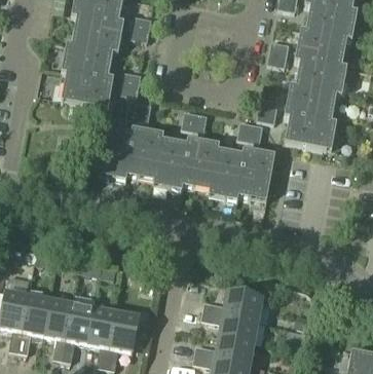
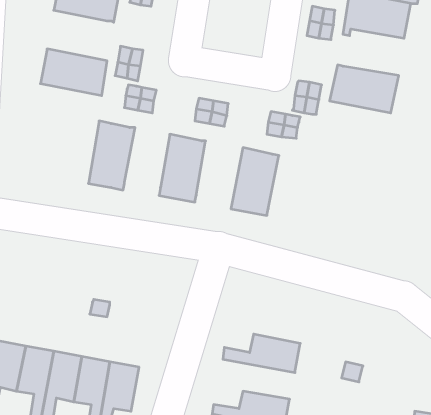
building: [61,40,114,80] -> none
building: [295,55,347,92] -> none
building: [284,111,337,149] -> none
building: [126,125,162,178] -> none
building: [182,136,219,189] -> none
building: [237,146,275,199] -> none
building: [200,310,258,341] -> none

